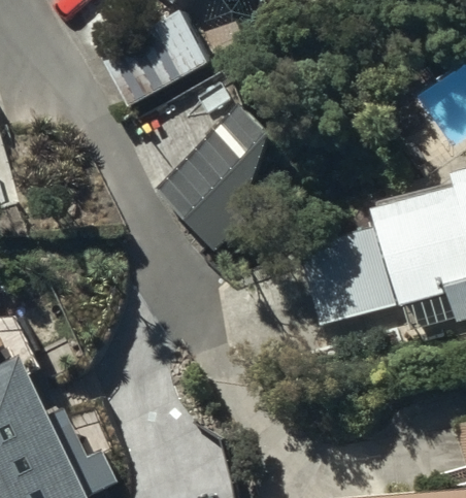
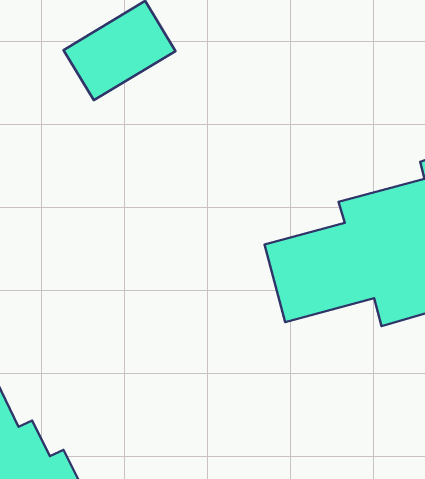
building: [157,106,300,250] -> none

